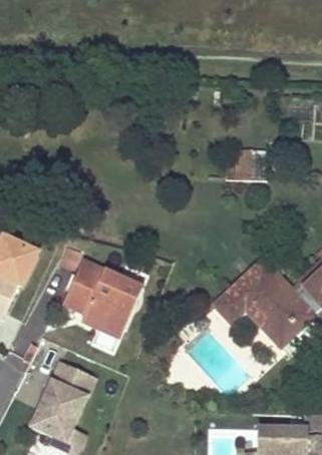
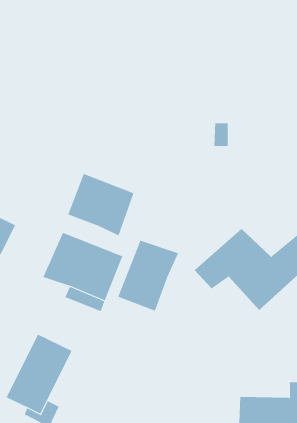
building: none -> [67,173,134,236]
building: none -> [118,240,179,312]

